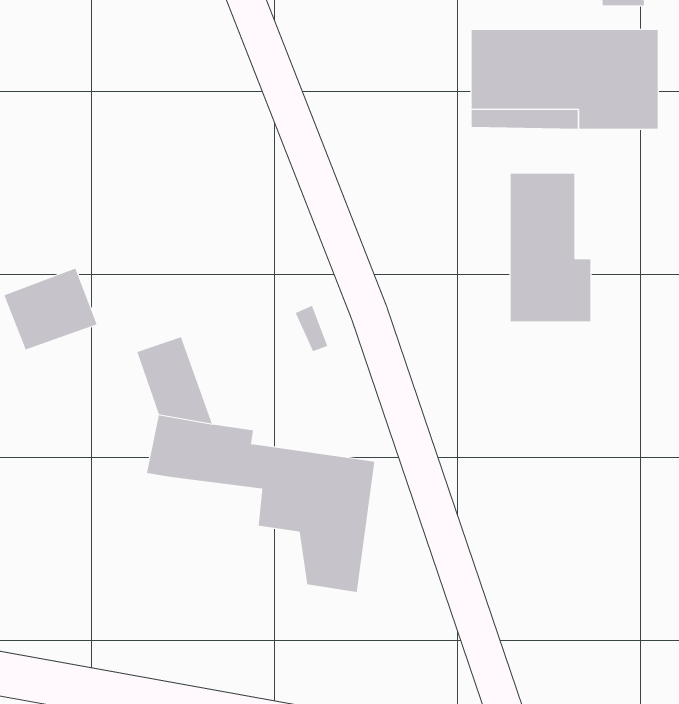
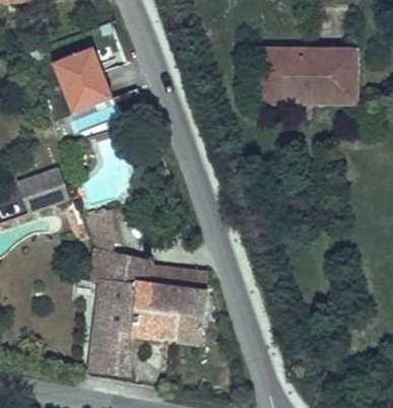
building: none -> [51,44,113,110]
building: [510,173,591,322] -> none
building: none -> [89,281,172,381]

